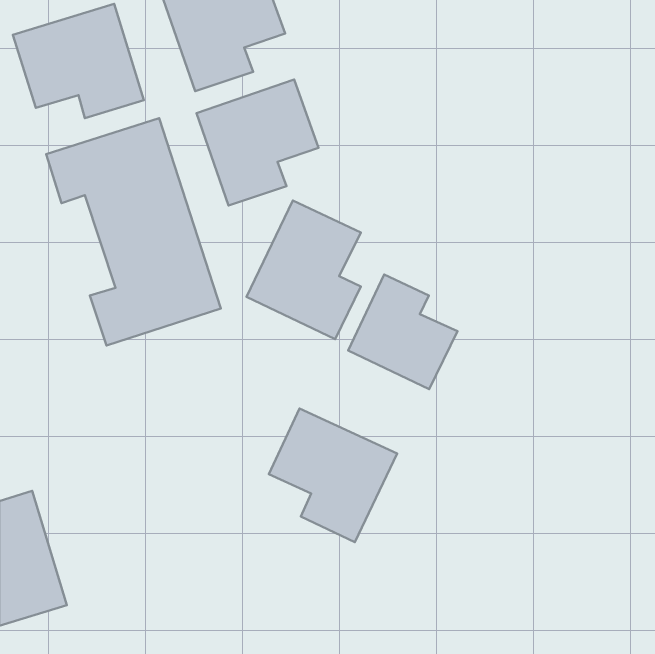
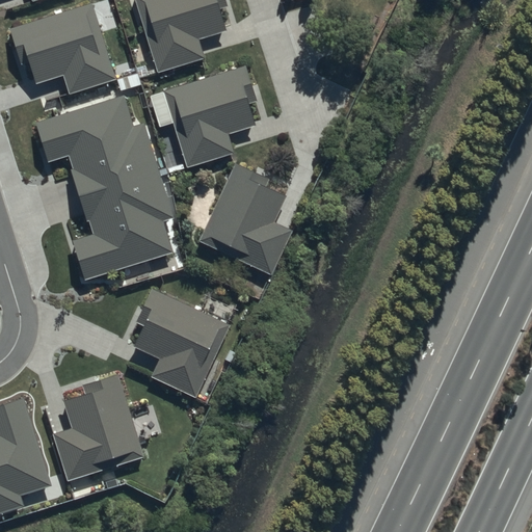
building: [348,275,457,389] -> none
building: [269,409,397,542] -> [127,290,231,398]
building: none -> [53,375,144,482]

